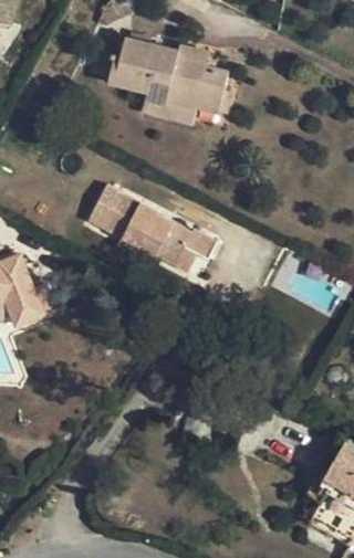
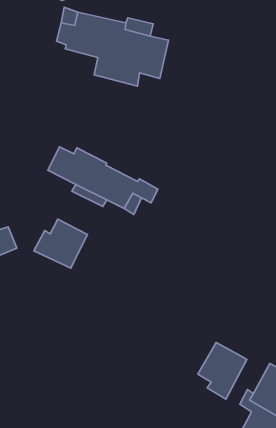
building: none -> [34,219,87,268]
building: none -> [198,342,247,399]

